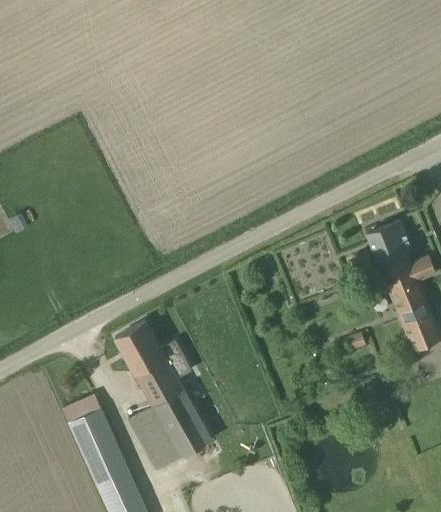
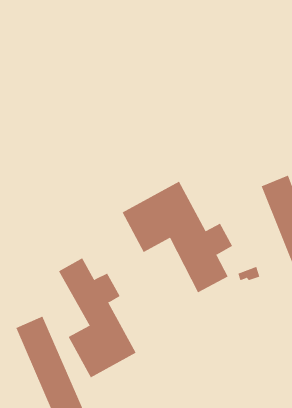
building: none -> [122,181,233,293]

